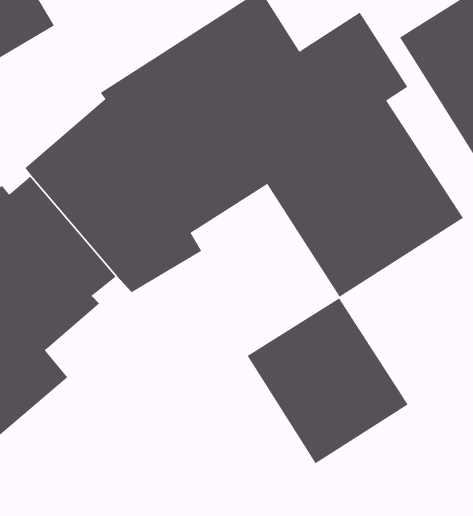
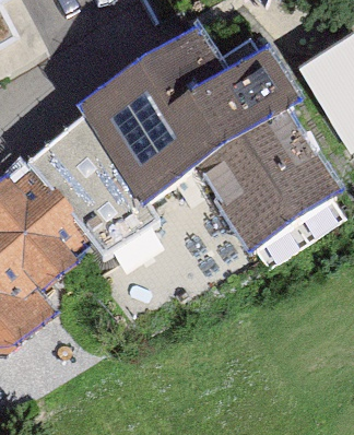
building: [247,297,408,464] -> none

